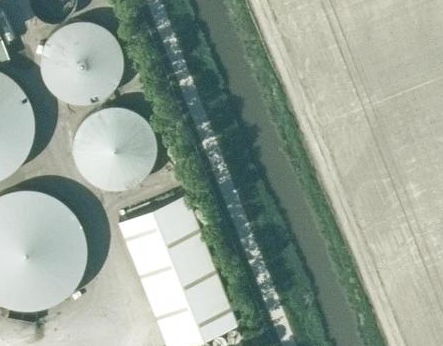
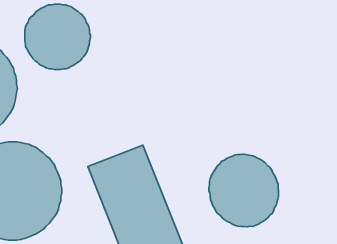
building: [73,109,153,189] -> none
building: none -> [209,154,279,227]

